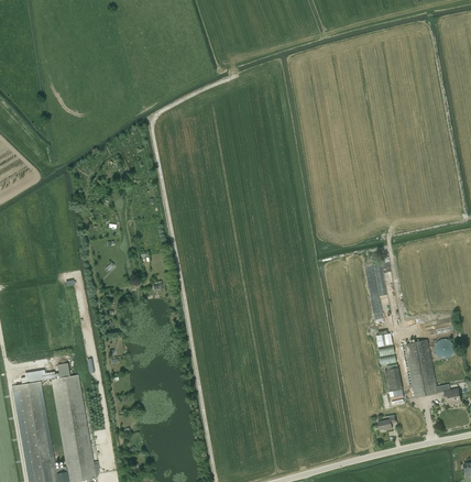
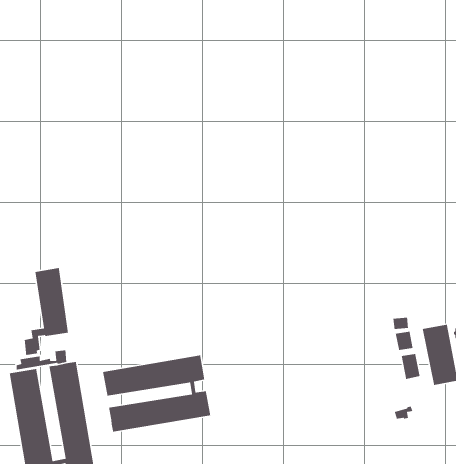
building: none -> [24,267,69,356]
building: none -> [102,355,211,432]

